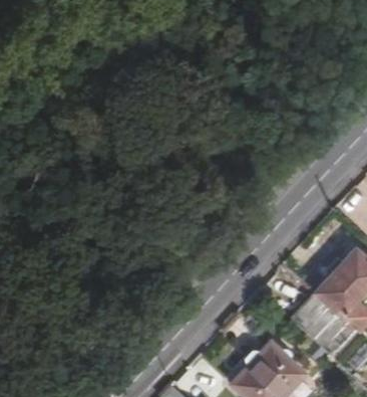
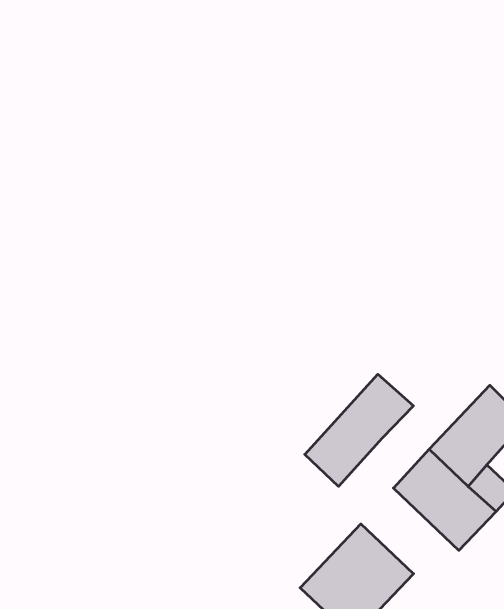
building: none -> [305,374,413,486]

